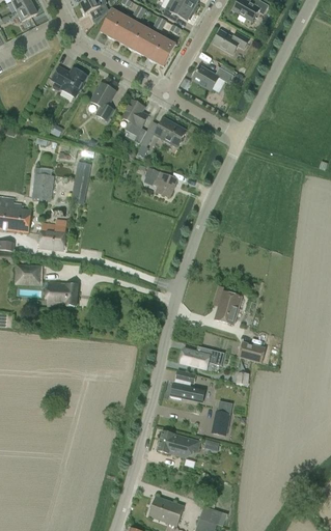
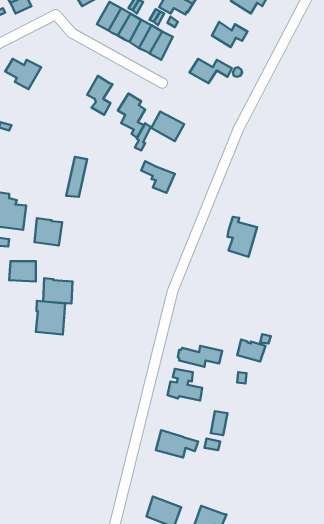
building: [52,66,87,96] -> [5,59,41,89]
building: [32,169,54,200] -> none
building: [213,285,242,325] -> [227,217,257,257]
building: none -> [36,301,65,334]

